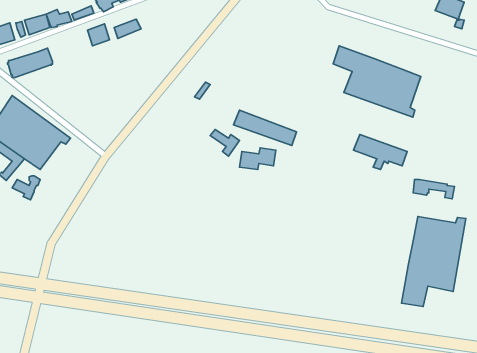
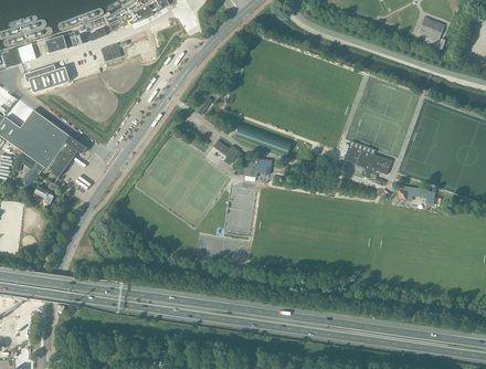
building: [333,46,421,117] -> none
building: [401,216,466,306] -> none

